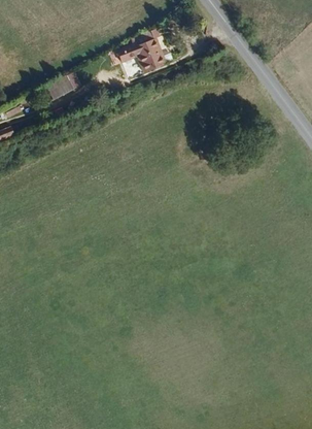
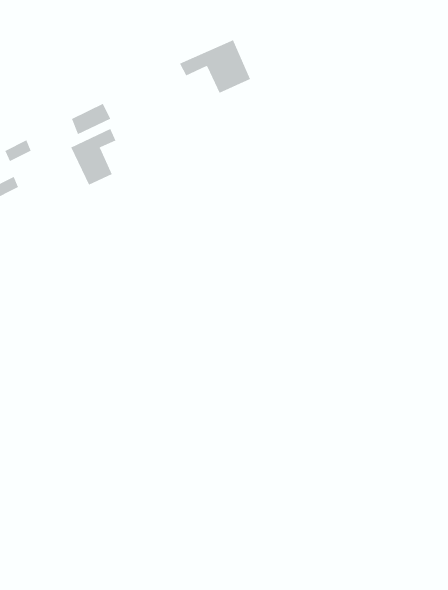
building: none -> [70,128,116,186]

